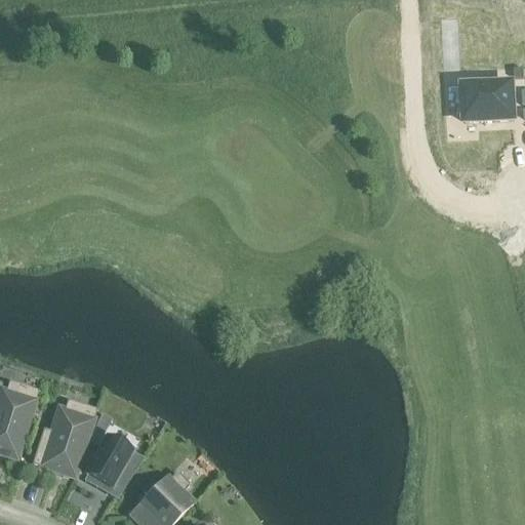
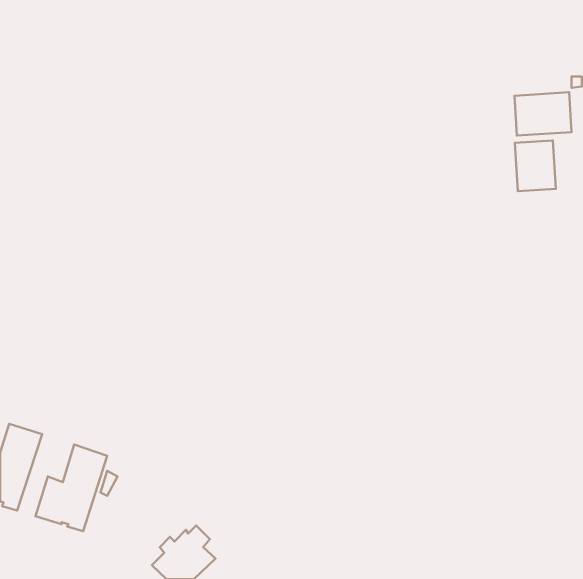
building: none -> [515,140,556,191]
building: [86,438,142,499] -> none

